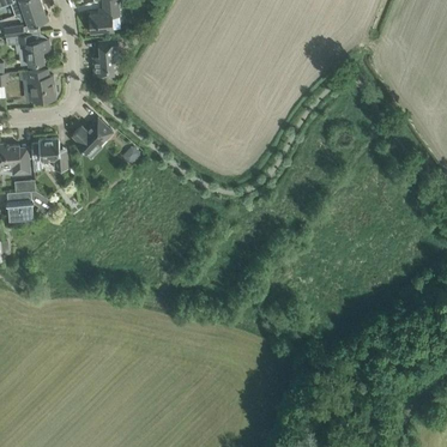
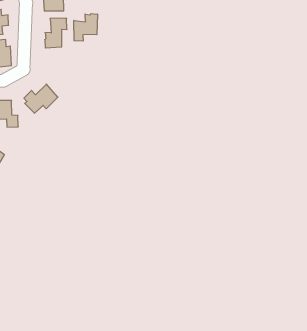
building: none -> [74,14,97,41]

